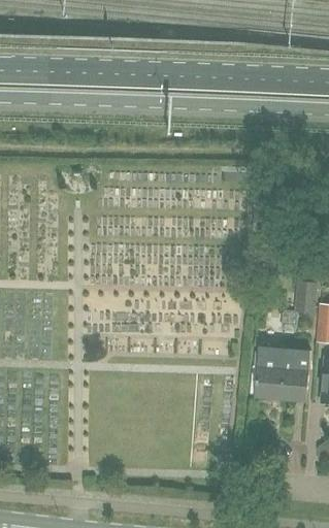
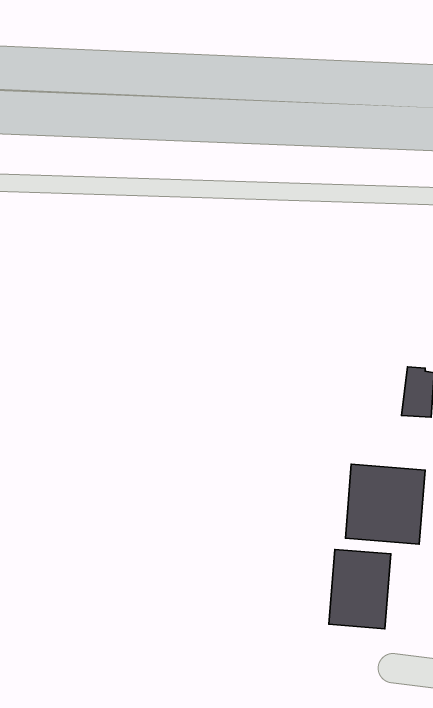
building: none -> [329,550,391,629]

